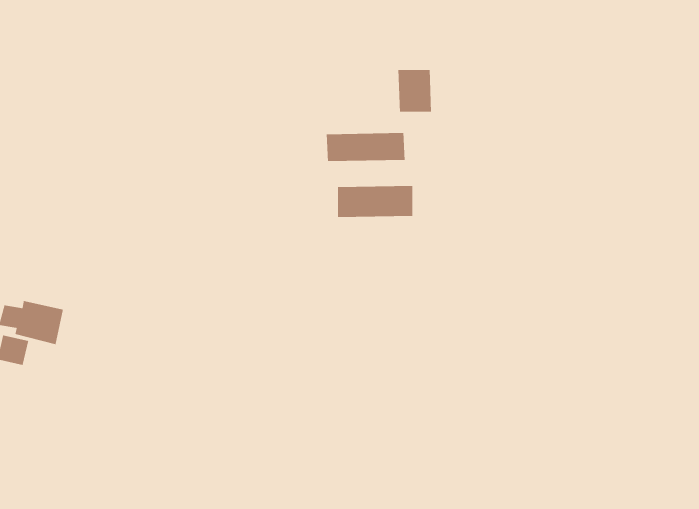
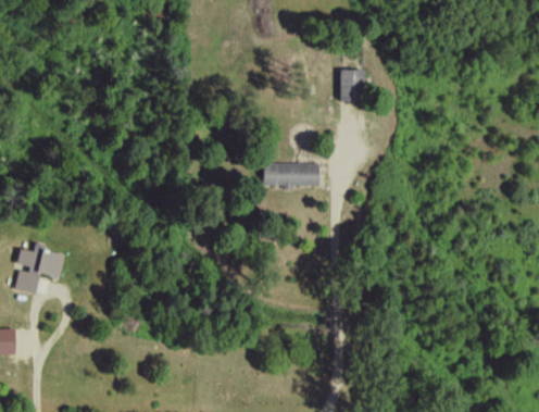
building: [398,69,432,112] -> [338,70,363,101]
building: [326,132,405,162] -> none

